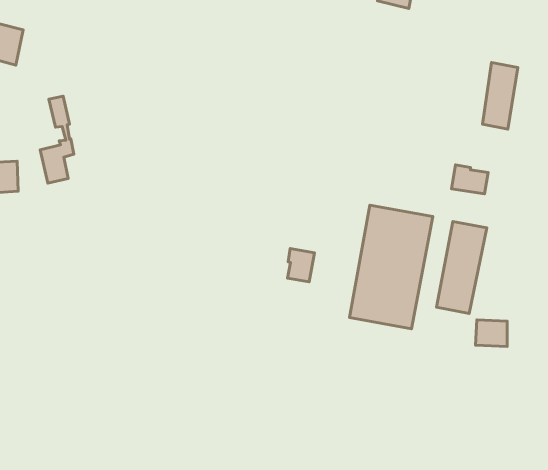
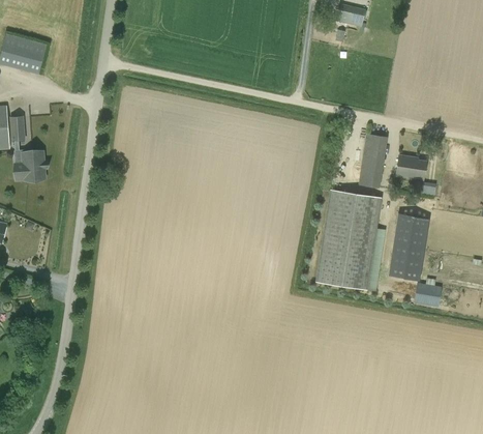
building: [483,62,518,129] -> [360,134,389,189]
building: [40,96,74,183] -> none
building: [287,248,314,282] -> none

